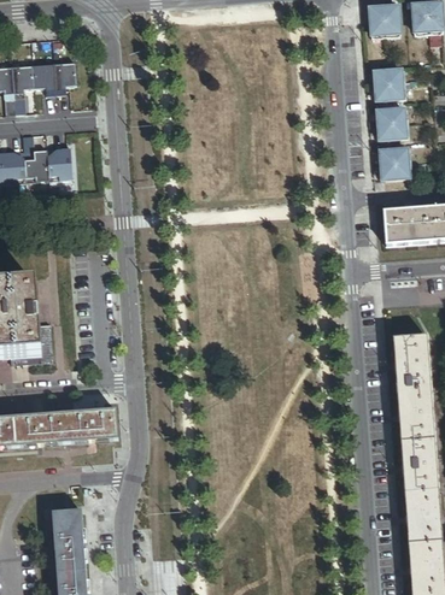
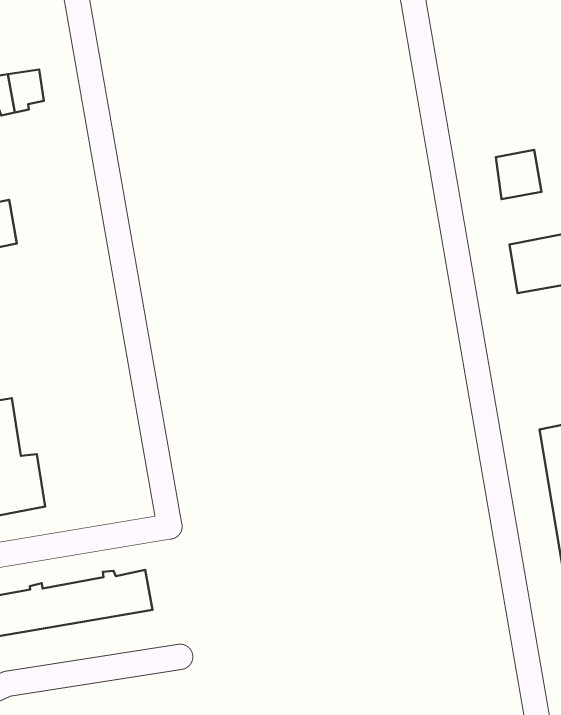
building: [375,70,404,100] -> none
building: [377,108,406,140] -> none
building: [47,147,74,178] -> none

